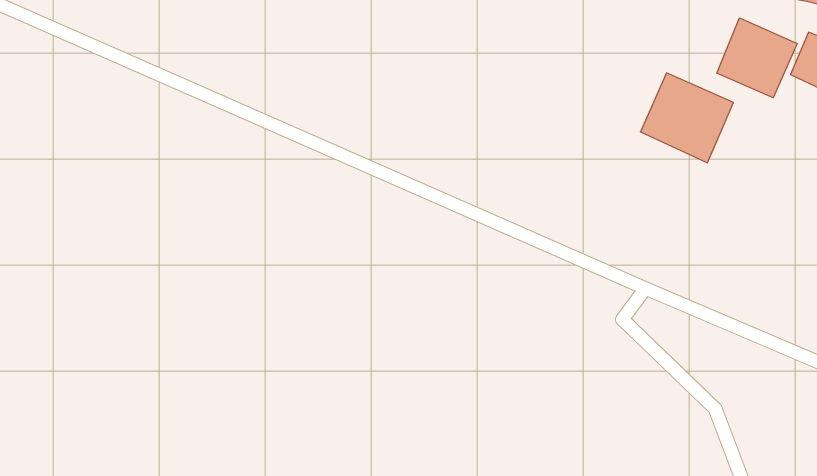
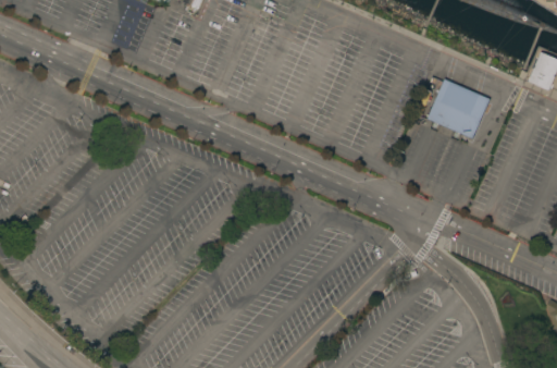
building: [717,18,797,98] -> none

